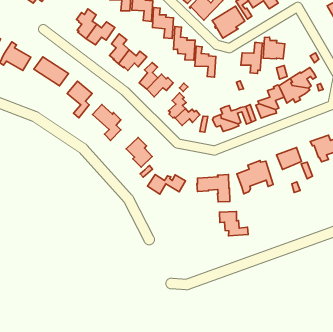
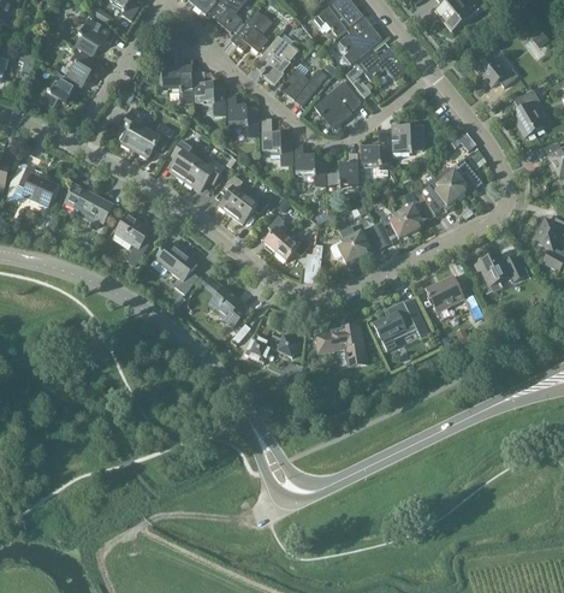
building: none -> [328,153,358,185]
building: [220,211,248,236] -> none

